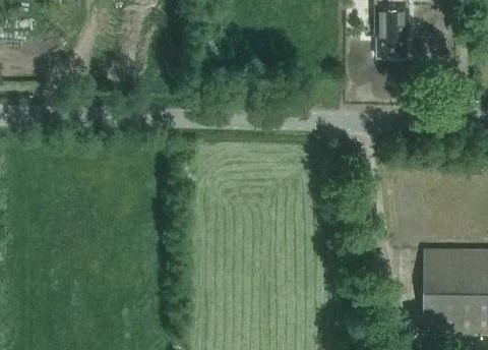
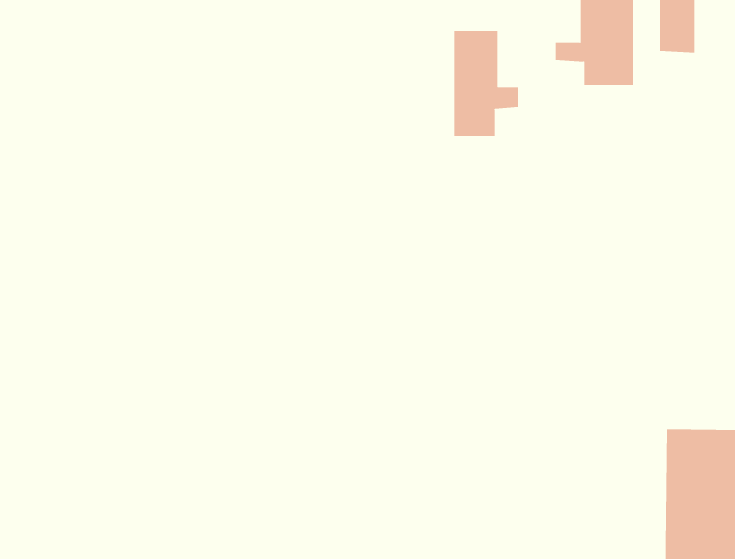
building: none -> [454,30,519,137]

